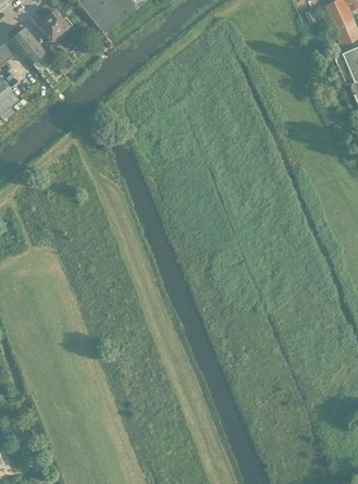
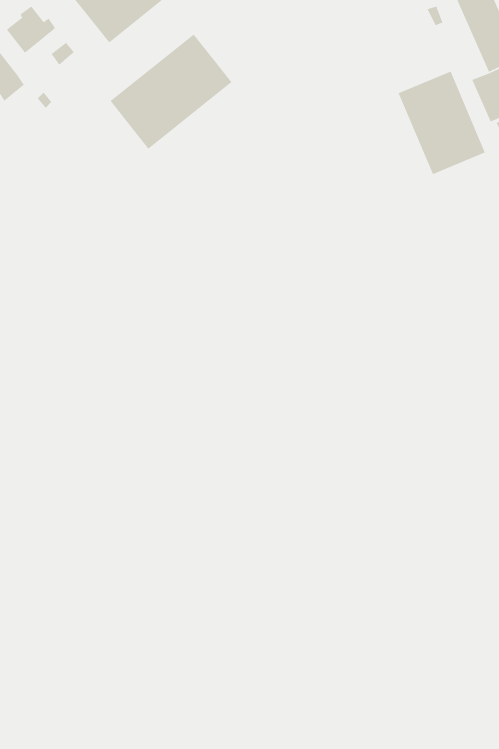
building: none -> [109,33,233,150]
building: none -> [398,70,486,175]

